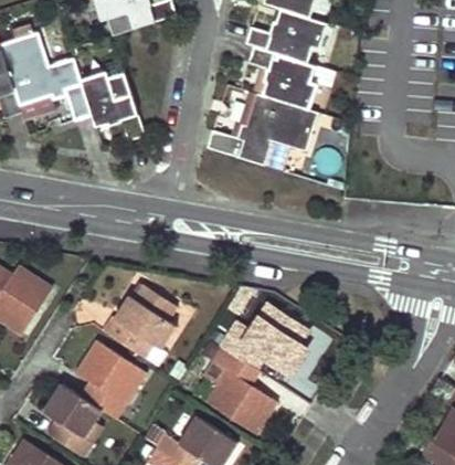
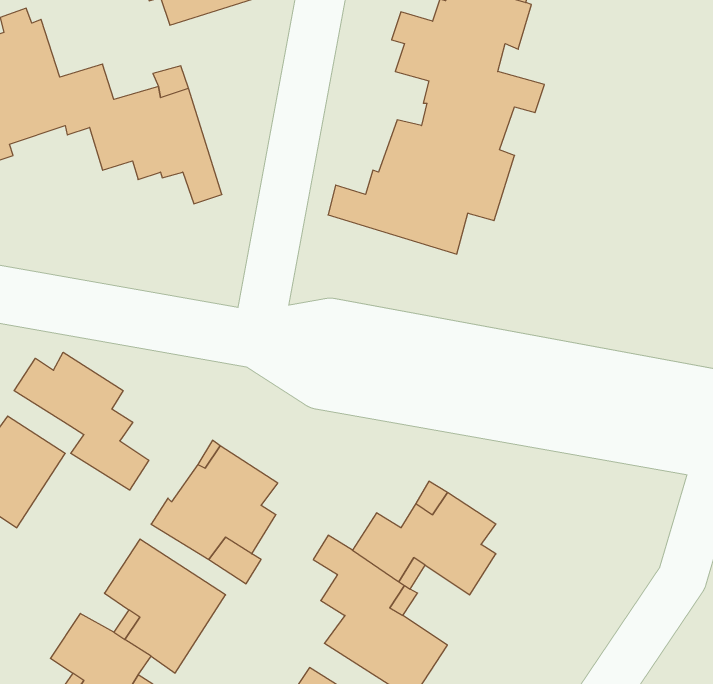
building: none -> [14,352,149,490]

